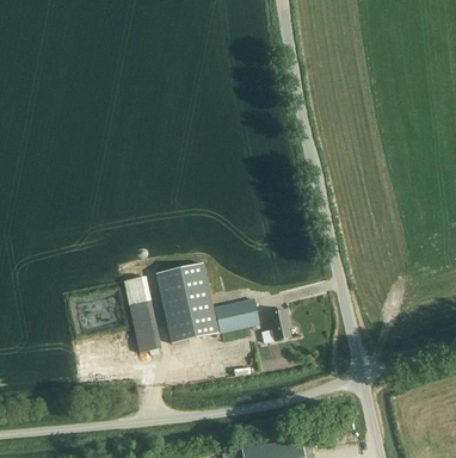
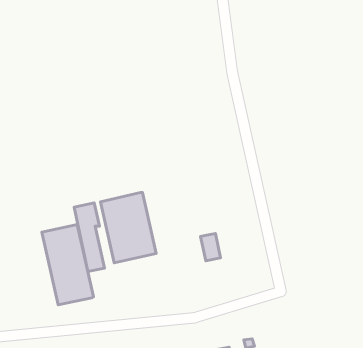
building: [214,298,259,332] -> none
building: none -> [42,224,93,305]

